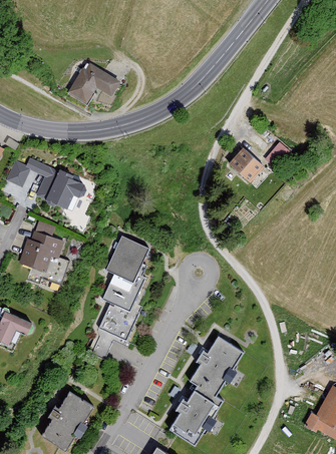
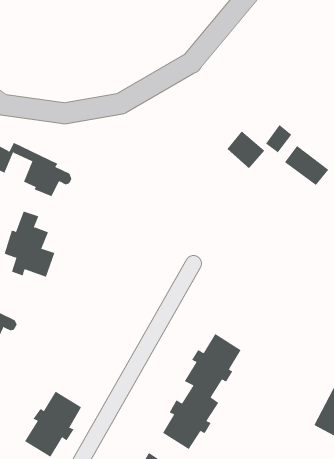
building: [69,62,118,101] -> none
building: none -> [284,145,329,186]
building: [91,235,148,358] -> none

